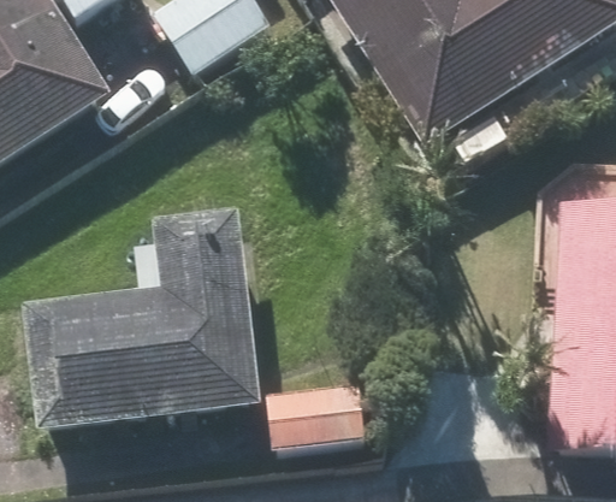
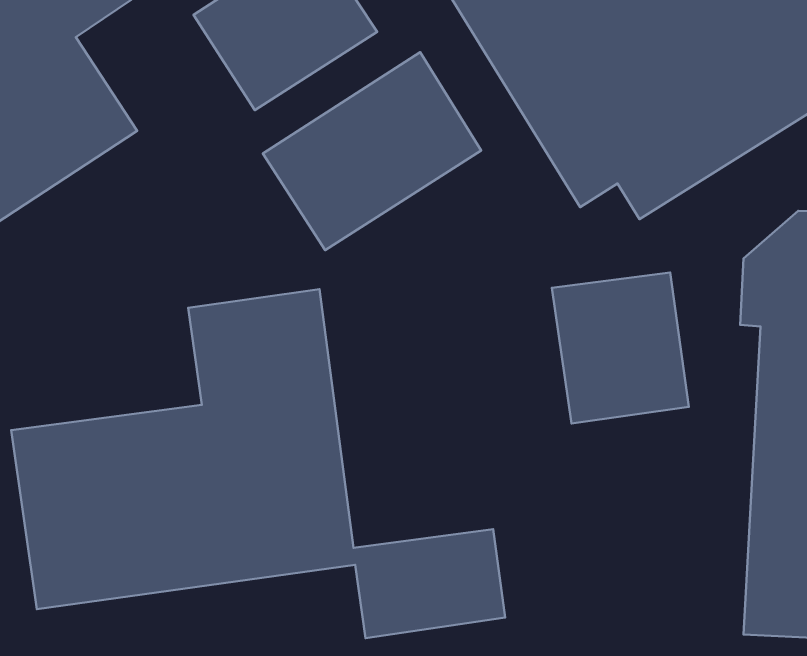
building: none -> [263,52,481,250]
building: none -> [552,272,689,423]

